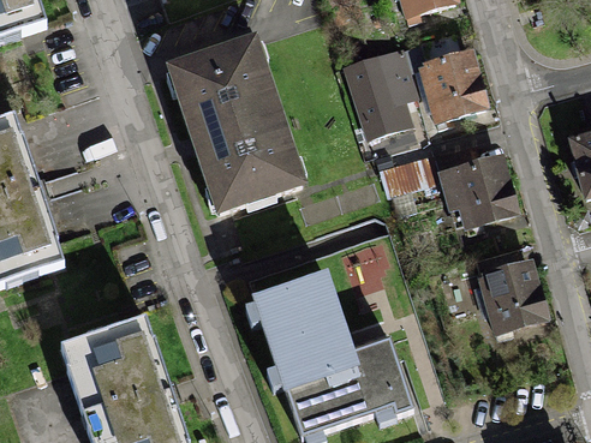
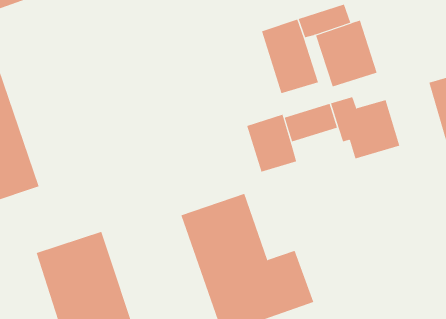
building: [163,34,305,215] -> none
building: none -> [247,114,297,173]
building: [467,234,554,335] -> none

